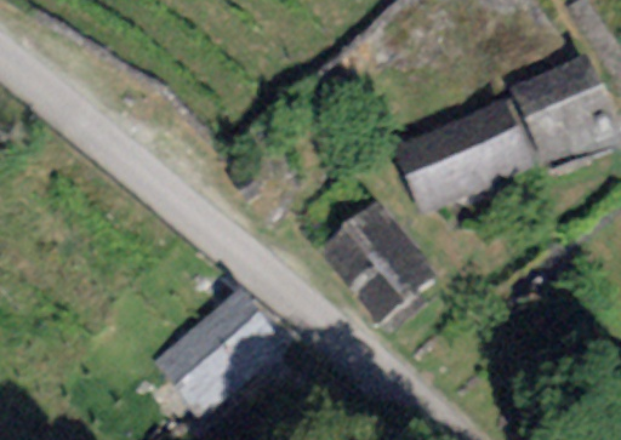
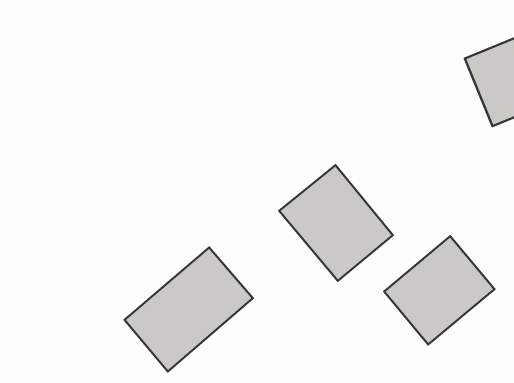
building: [395,99,536,212] -> none
building: none -> [384,236,494,344]

